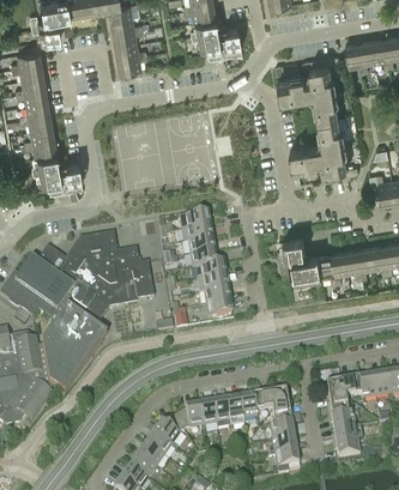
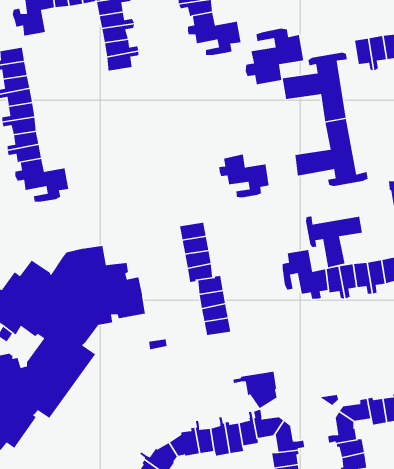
building: none -> [245,28,304,85]
building: none -> [218,154,270,198]
building: none -> [305,215,363,268]
building: none -> [232,371,277,409]

